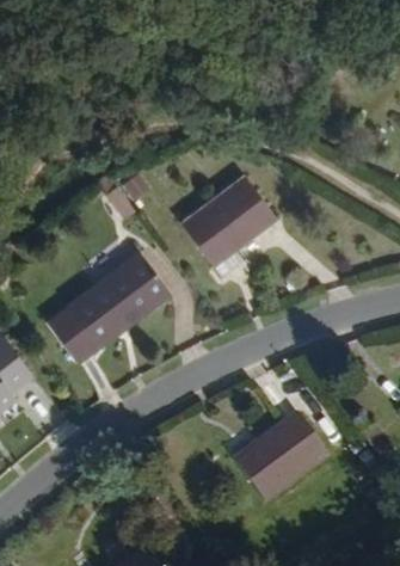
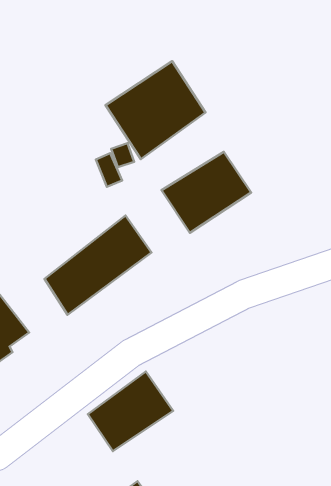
building: none -> [105,61,206,159]
building: [233,418,326,505] -> [88,371,173,451]

